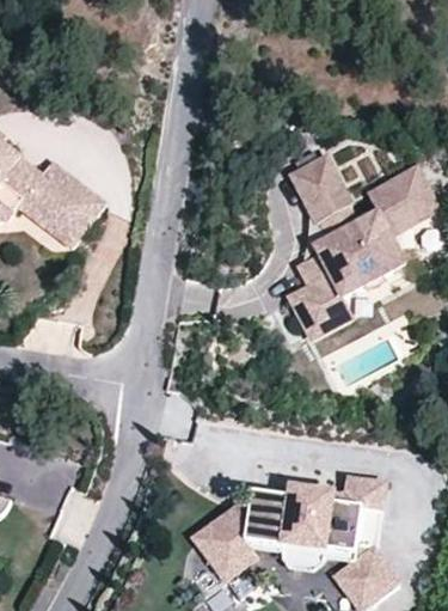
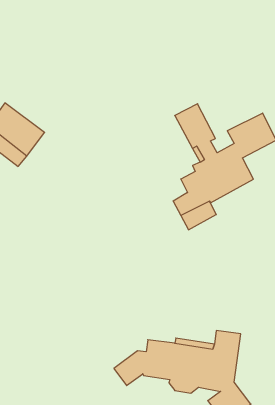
building: [194,532,256,579] -> none

